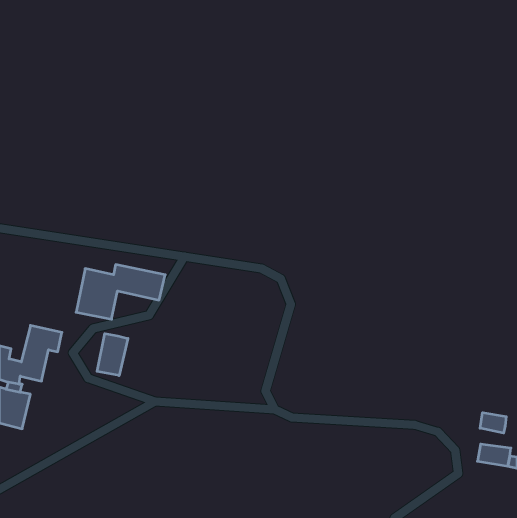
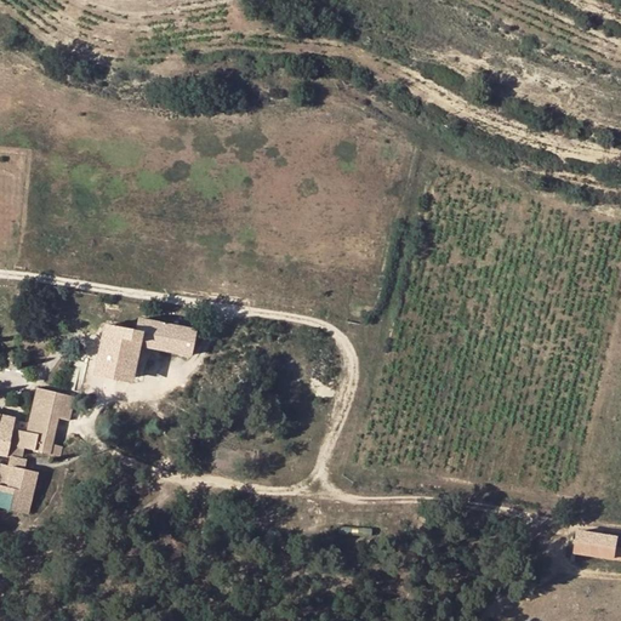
building: [97,334,128,376] -> none
building: [480,413,506,433] -> none

